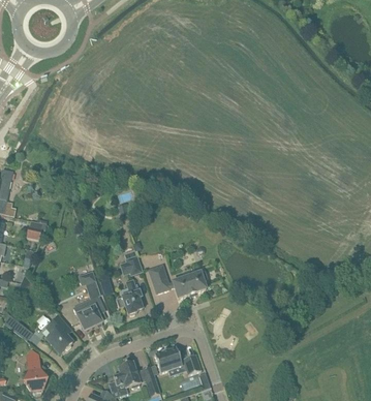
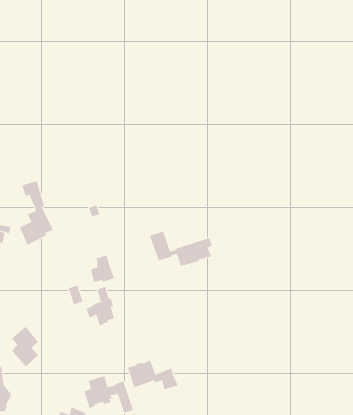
building: [148,265,207,298] -> [149,231,213,267]
building: [75,271,107,331] -> [19,181,54,245]

